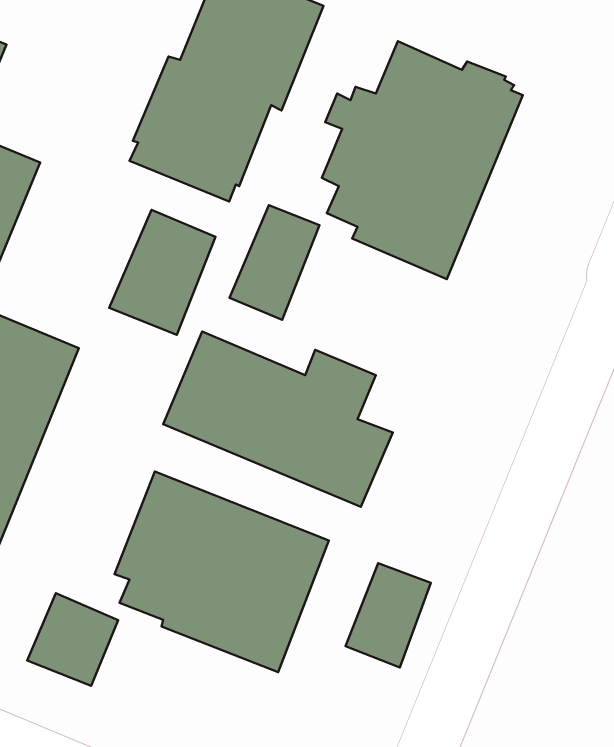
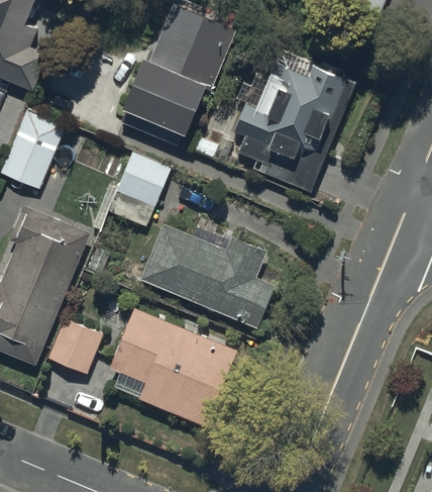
building: [230,205,320,320] -> none
building: [345,563,431,668] -> none
building: [27,593,118,686] -> [48,317,103,373]

